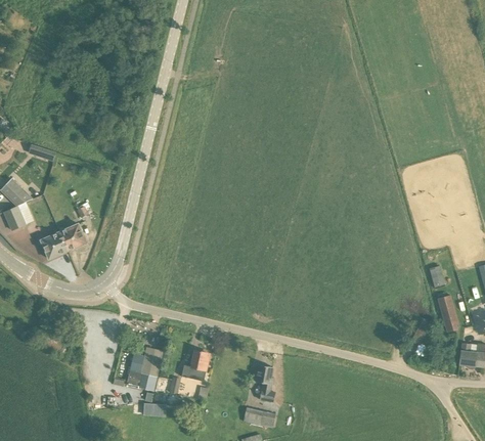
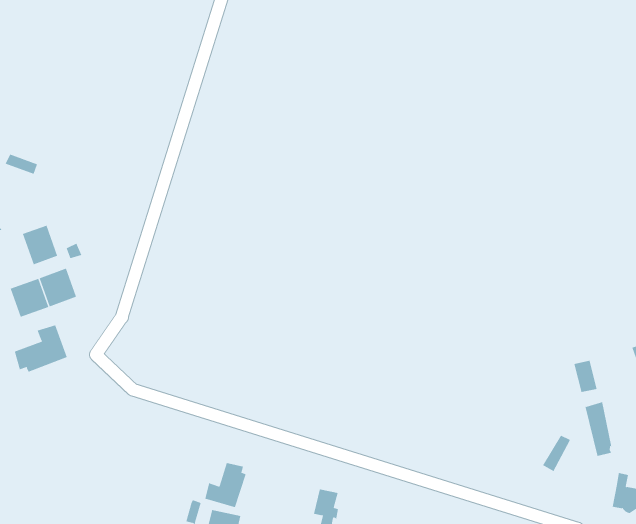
building: none -> [22,225,58,265]
building: none -> [14,324,67,372]
building: [126,346,162,386] -> none

